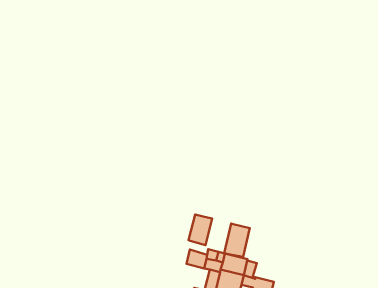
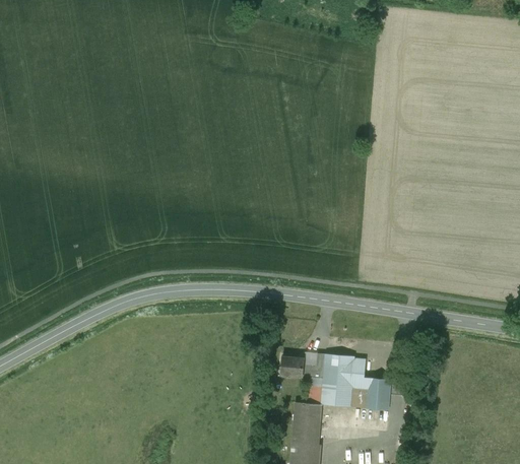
building: [188,215,212,245] -> none
building: [224,224,250,257] -> none

